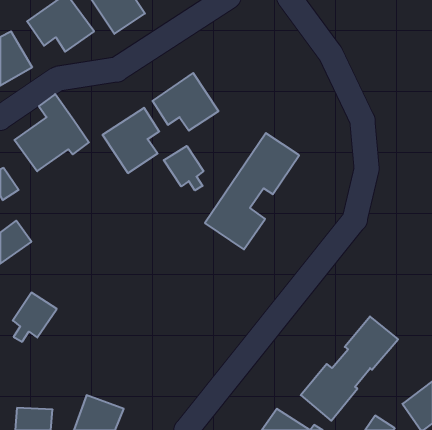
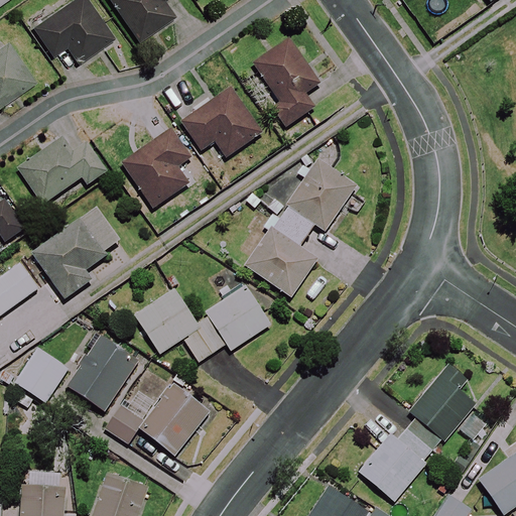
building: none -> [254,38,318,125]
building: [164,146,203,190] -> none
building: none -> [33,208,122,297]
building: none -> [136,281,270,361]
building: none -> [69,337,137,409]
building: none -> [106,386,209,456]

